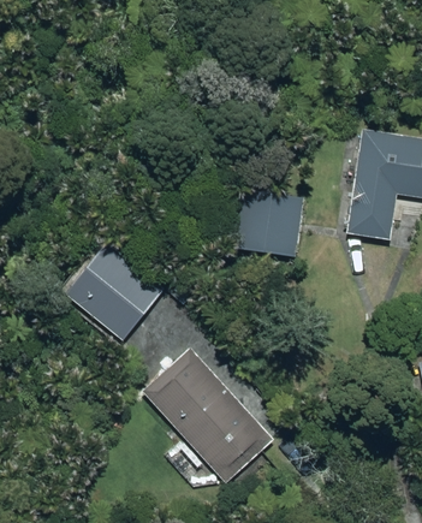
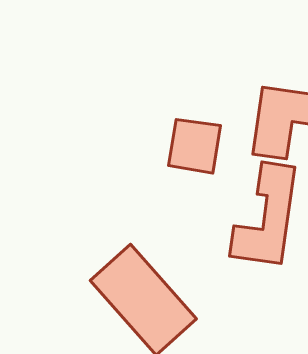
building: [59,236,165,340] -> none
building: none -> [230,162,295,264]

